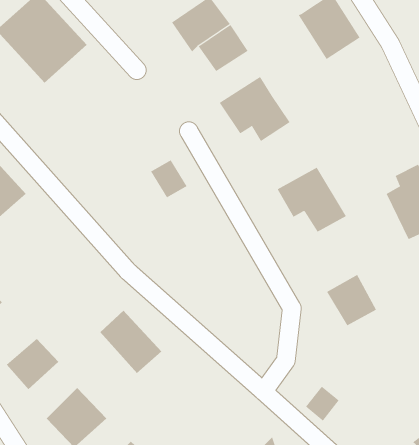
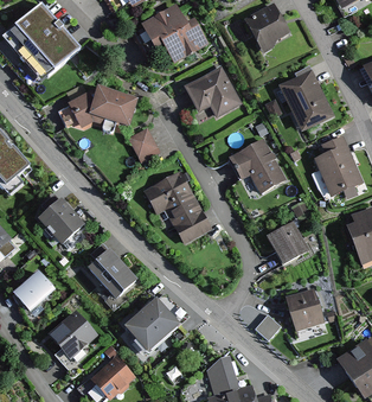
building: none -> [278,69,333,129]
building: none -> [68,87,139,128]
building: none -> [147,172,209,242]
building: none -> [38,197,85,245]
building: none -> [284,288,321,330]
building: none -> [128,295,184,351]

